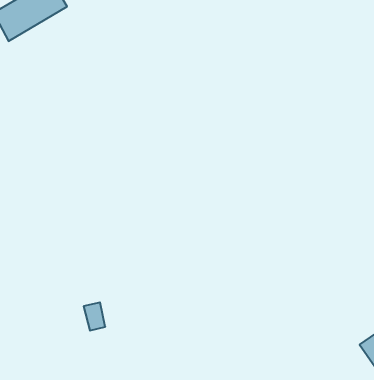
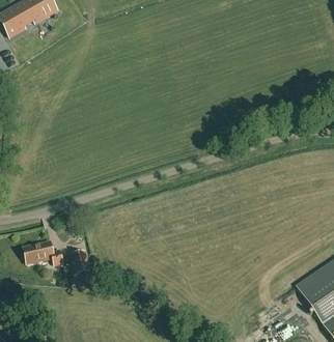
building: none -> [23,240,62,264]

